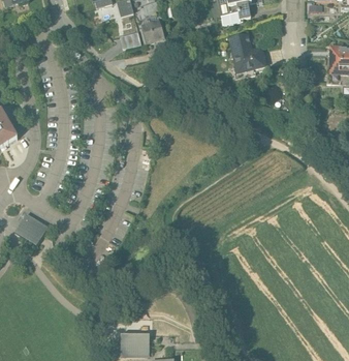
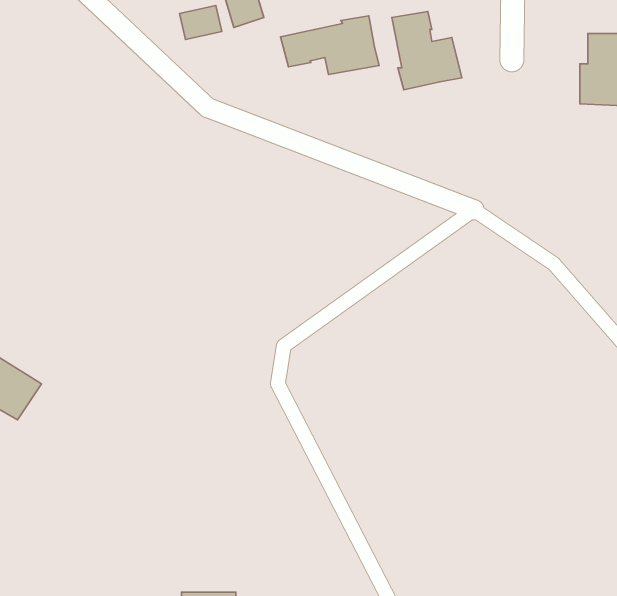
building: none -> [280,16,379,75]

